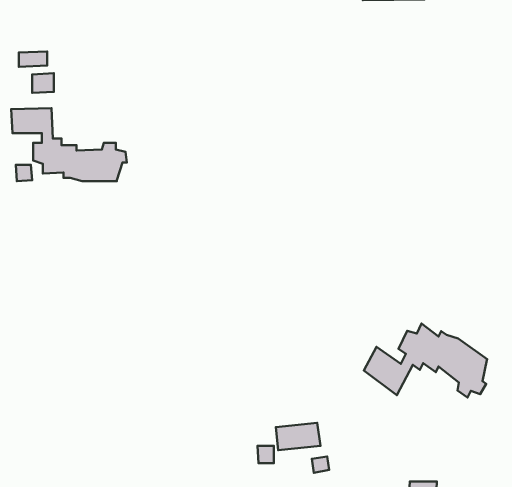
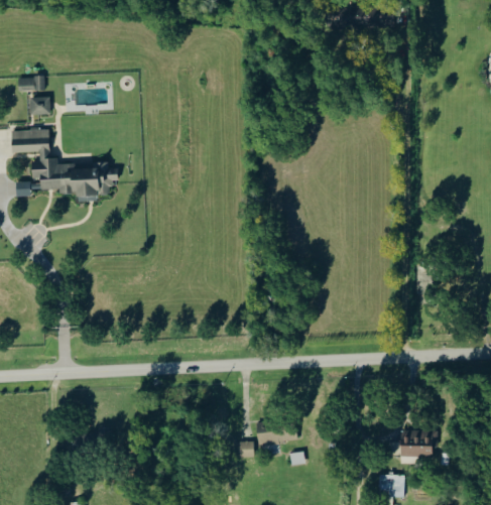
building: [364,323,487,397] -> none
building: none -> [400,429,438,464]

